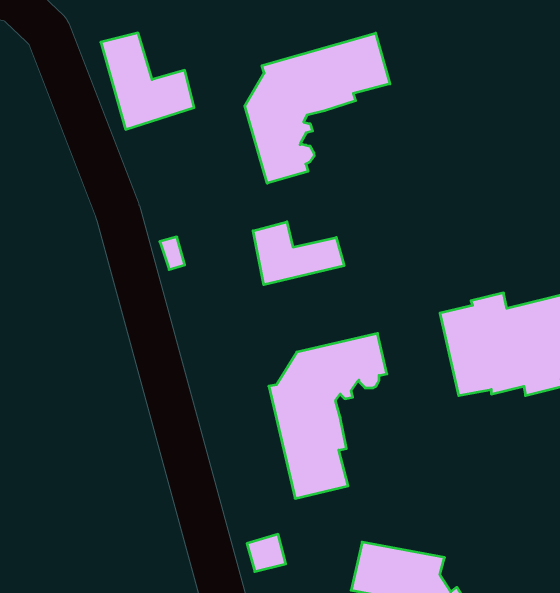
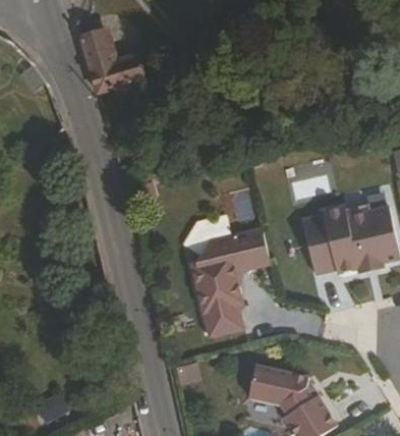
building: [245,33,390,183] -> none
building: [253,222,344,285] -> none

